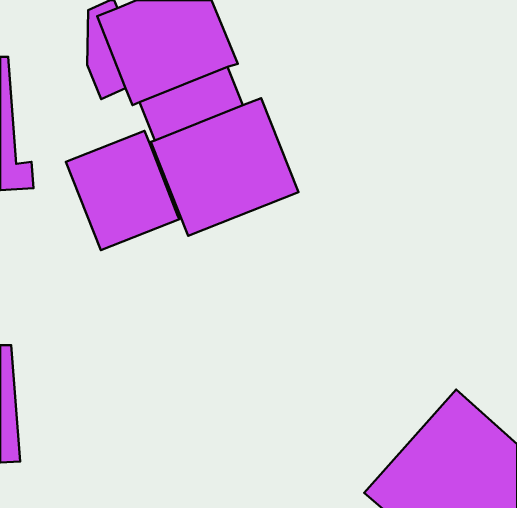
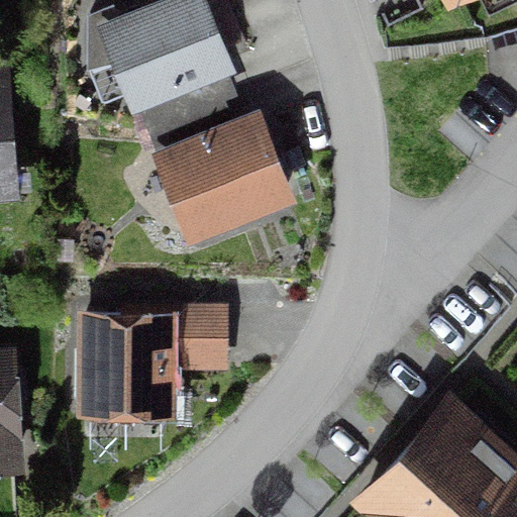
building: [66,131,180,250] -> none
building: none -> [75,306,228,418]

